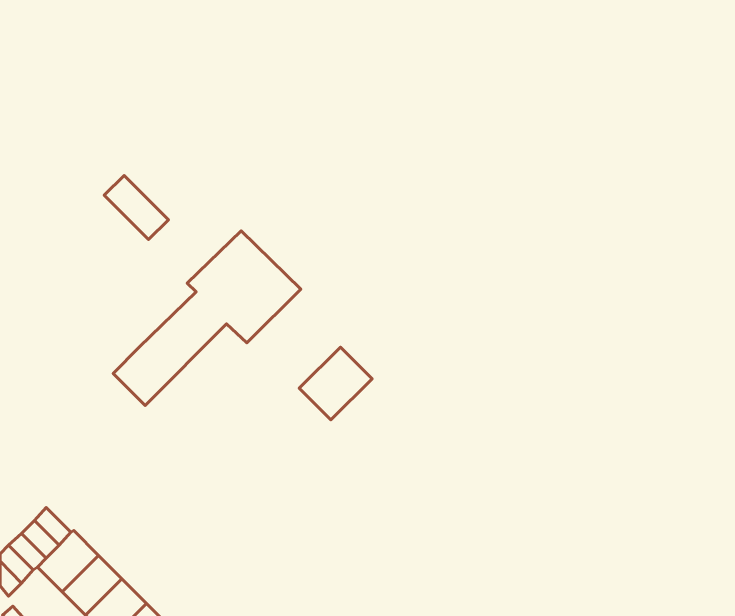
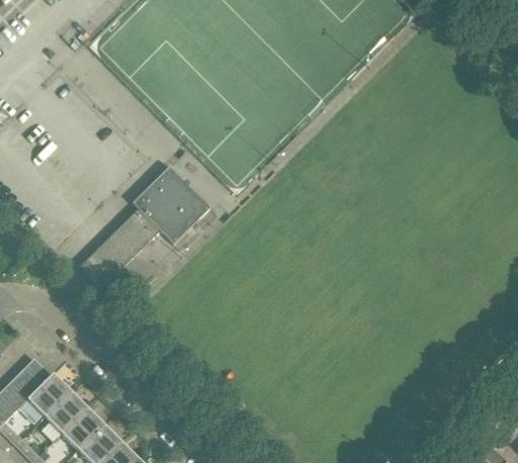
building: [104,175,168,240] -> none
building: [299,347,372,420] -> none

